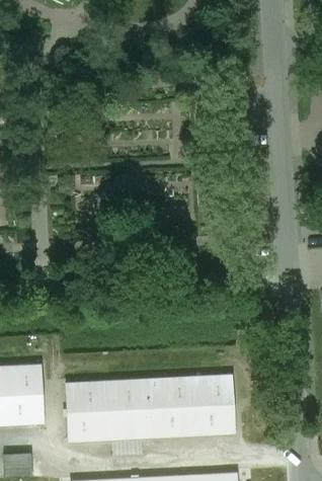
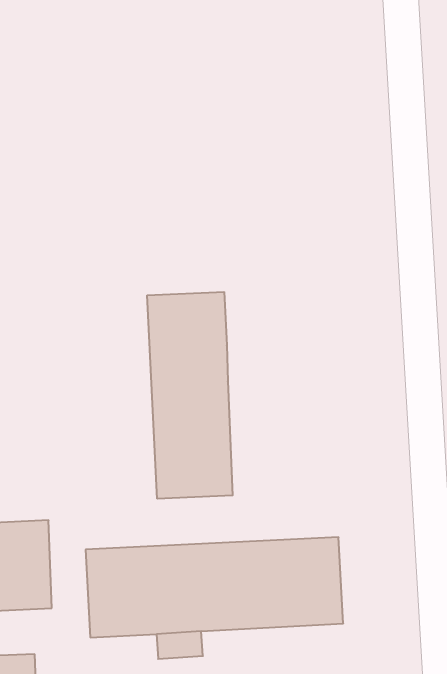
building: none -> [147,292,233,499]

